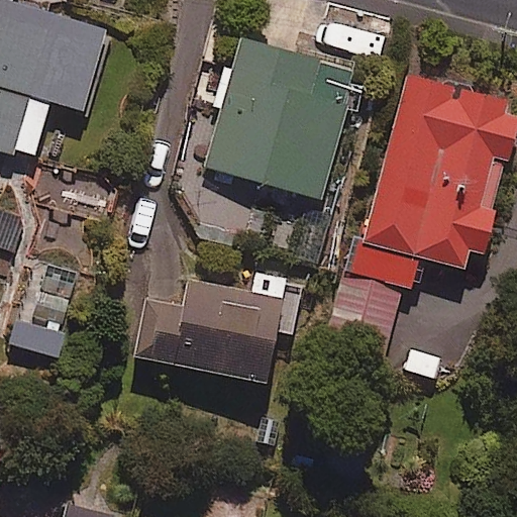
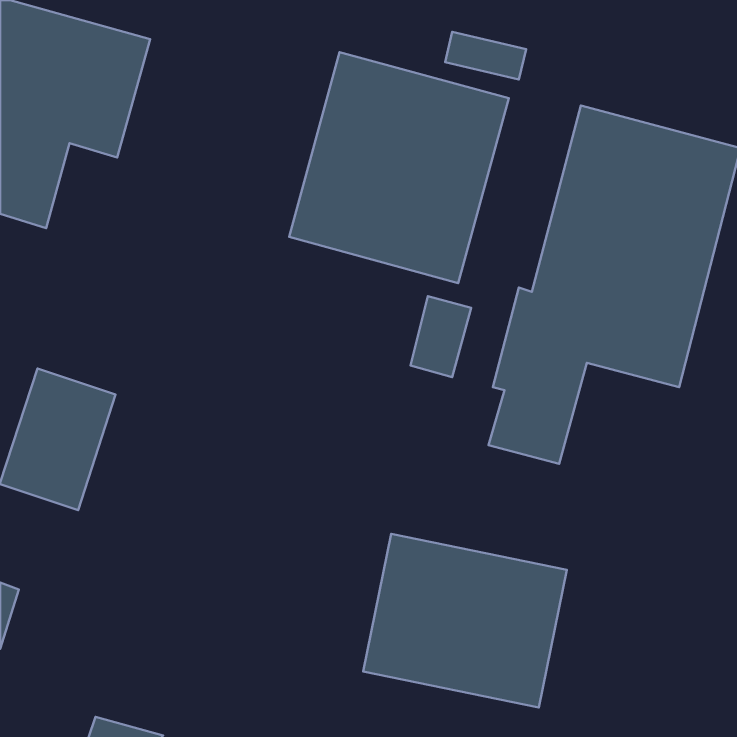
building: [131,272,287,383] -> none
building: none -> [363,534,567,707]

